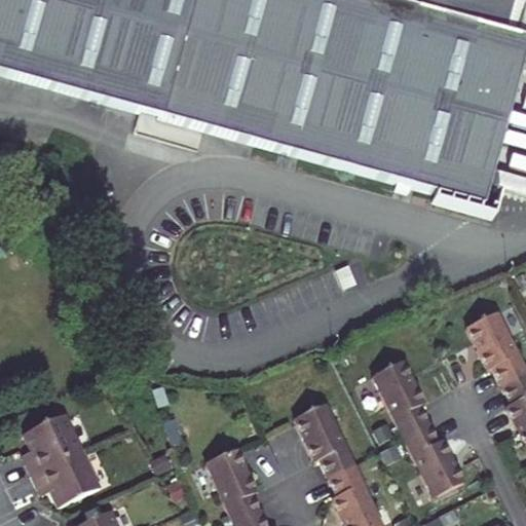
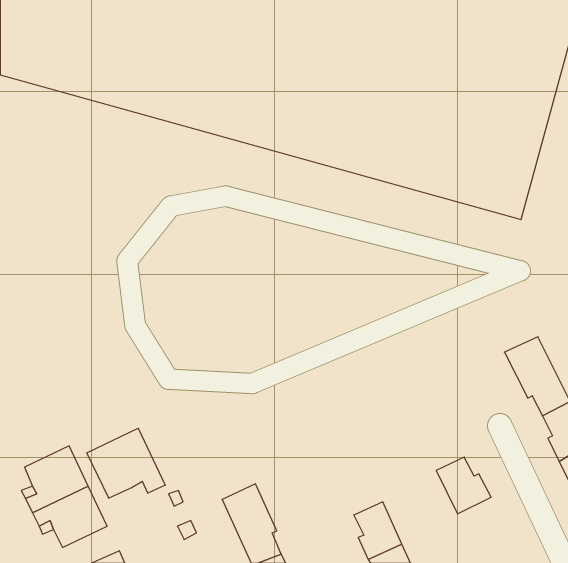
building: [373,358,429,434] -> none
building: none -> [87,428,165,498]
building: [295,402,354,475] -> none
building: [423,458,464,495] -> none

